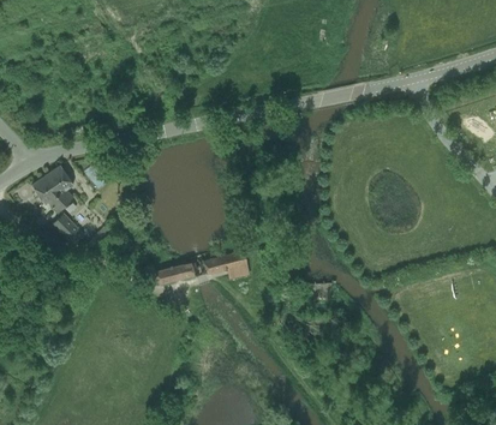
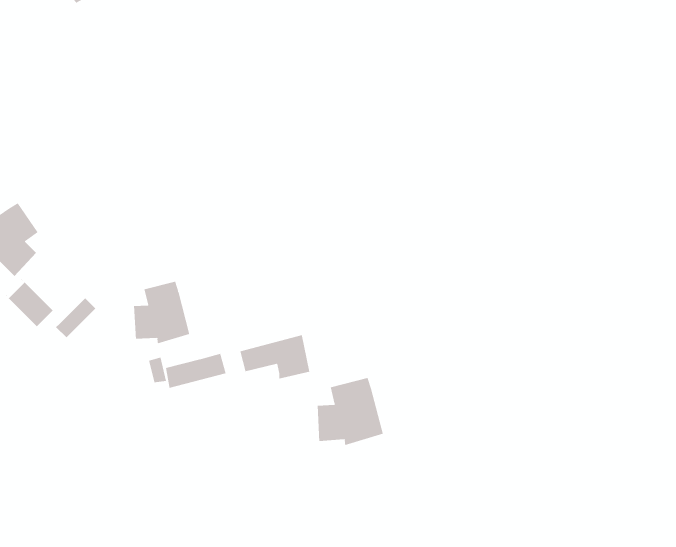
building: none -> [134,281,190,344]
building: none -> [317,377,384,446]

